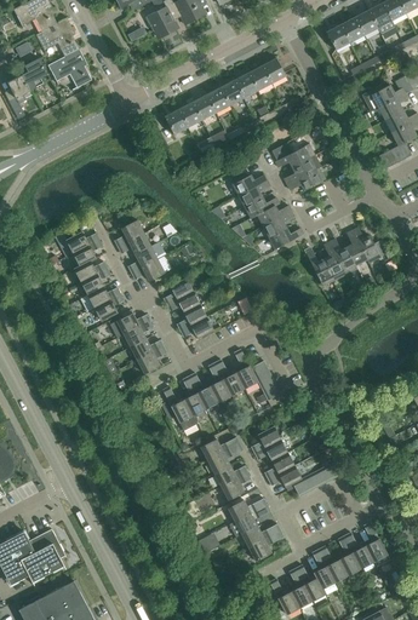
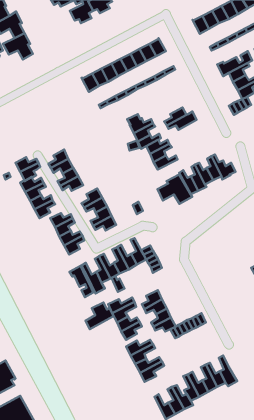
building: [271,143,310,168] -> none
building: none -> [157,174,192,204]
building: none -> [70,266,93,297]
building: none -> [86,303,114,329]

